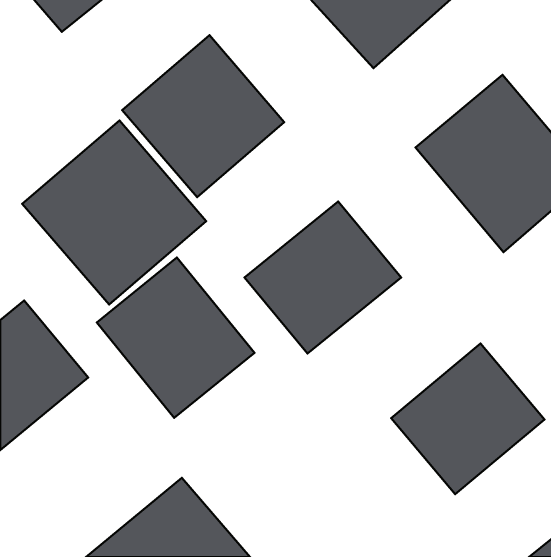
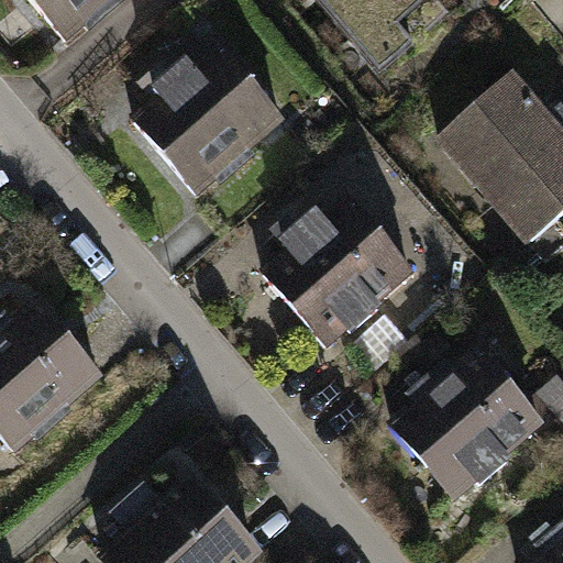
building: [22,120,206,304] -> none
building: [97,257,254,418] -> none

